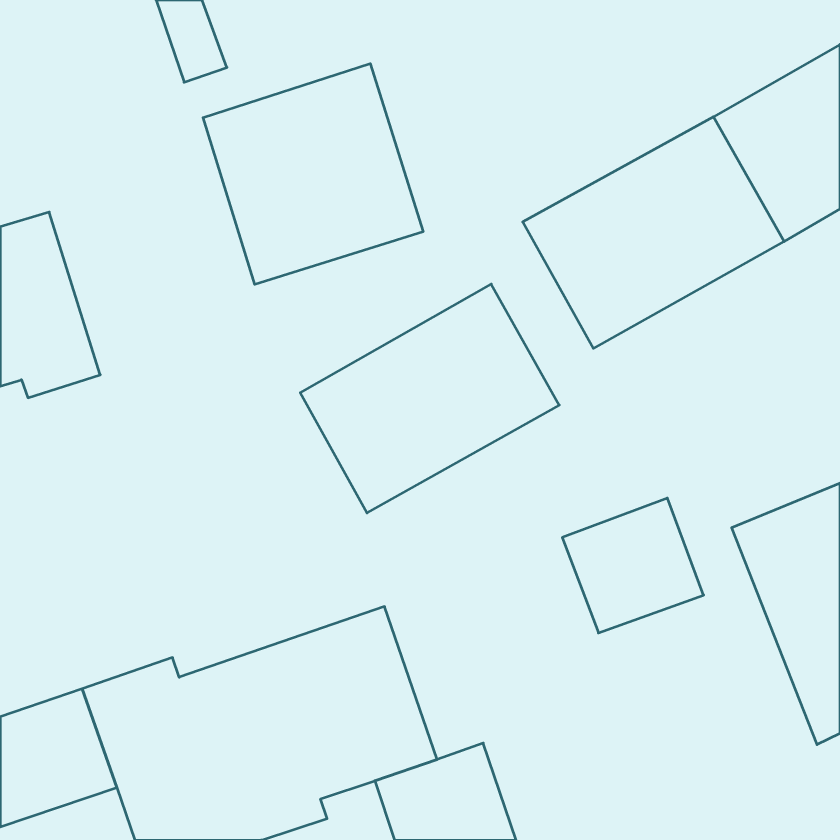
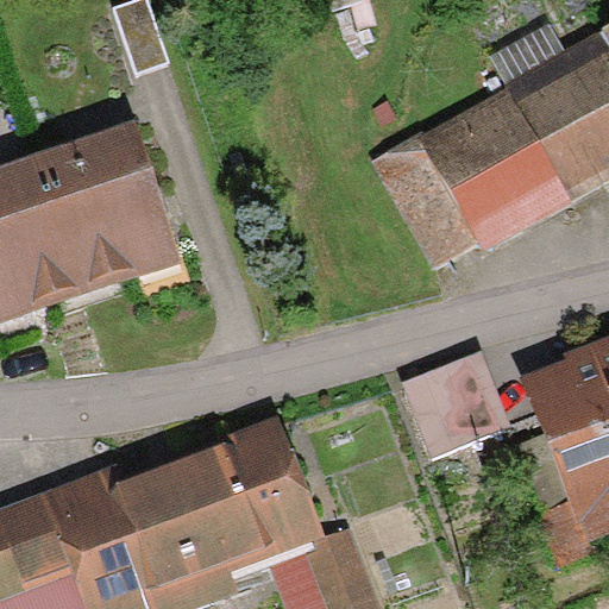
building: [203,64,423,284] -> none
building: none -> [36,124,162,271]
building: [300,284,559,513] -> none

